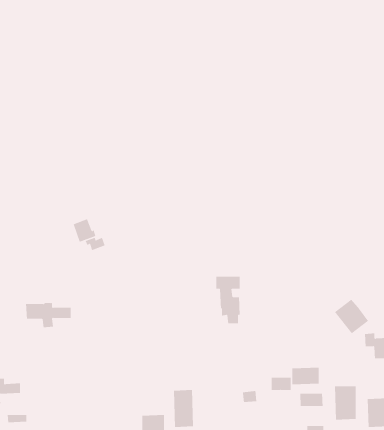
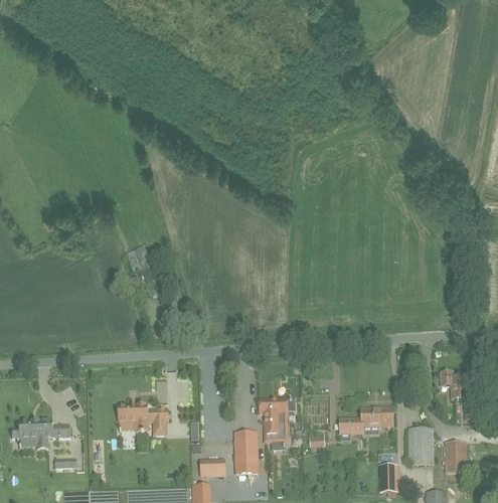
building: [215,276,241,324] -> [260,399,287,451]
building: [334,299,369,334] -> none
building: [25,303,72,328] -> [118,404,168,432]
building: [300,393,323,407] -> none

